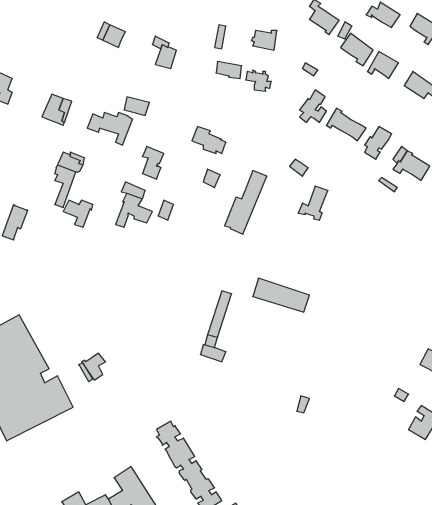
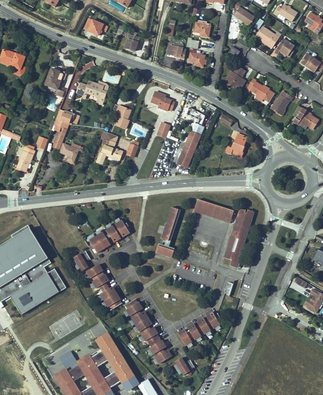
building: none -> [224,206,254,267]
building: none -> [87,219,130,252]
building: none -> [86,263,121,309]
building: none -> [178,311,222,345]

